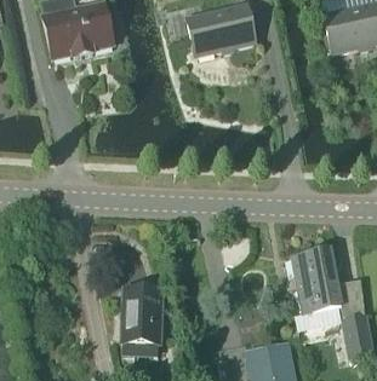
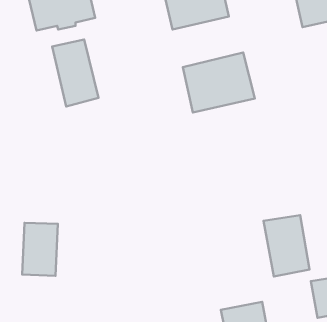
building: none -> [52,39,98,107]
building: none -> [183,52,255,112]
building: [124,289,161,345] -> [22,223,58,276]

